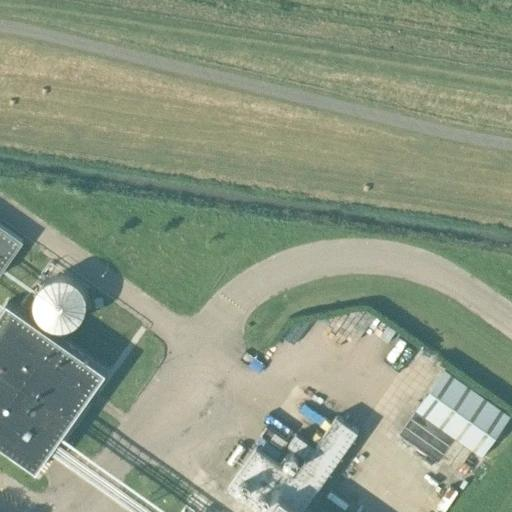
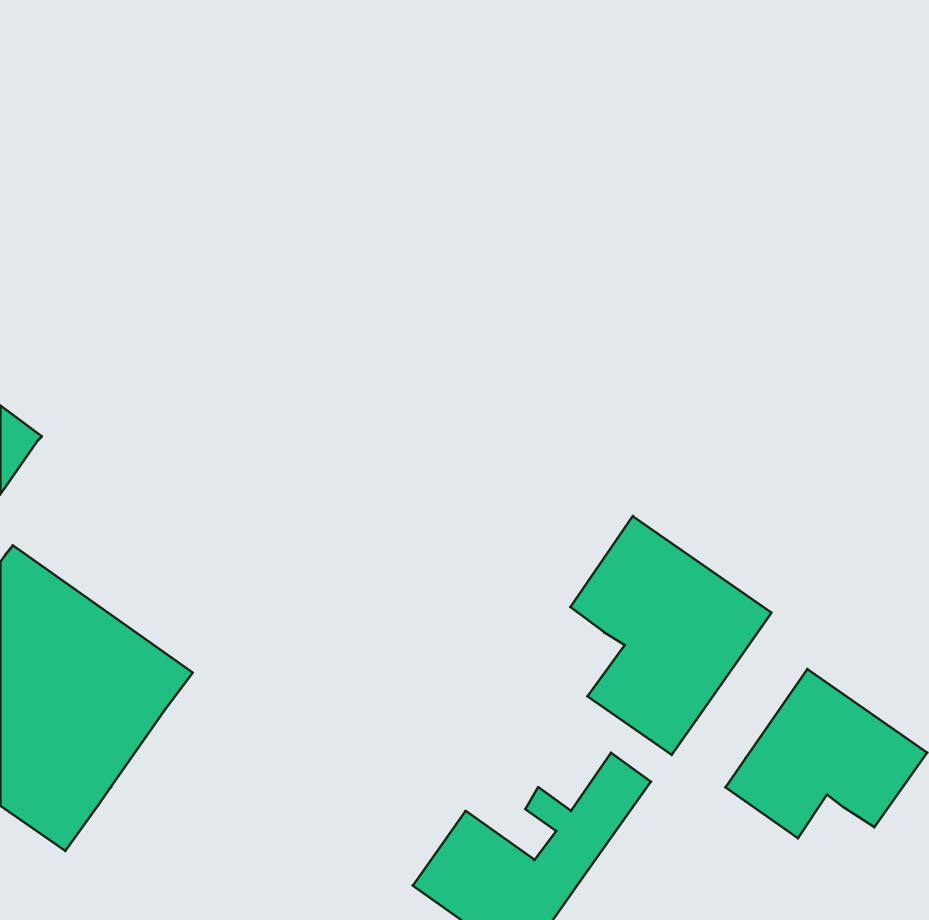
building: [34,278,86,330] -> none
building: none -> [570,516,771,755]

